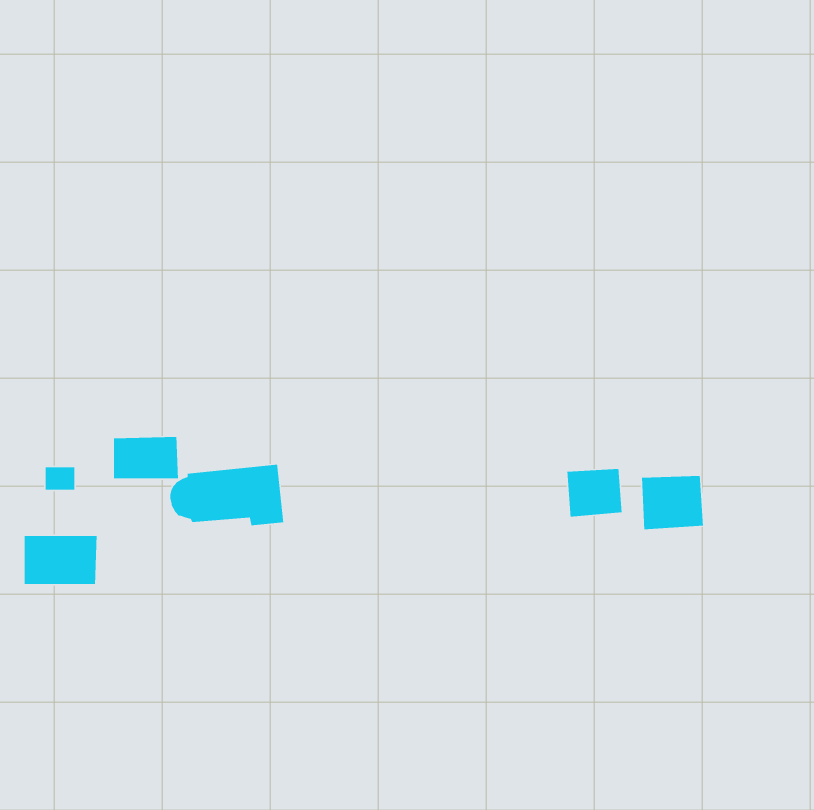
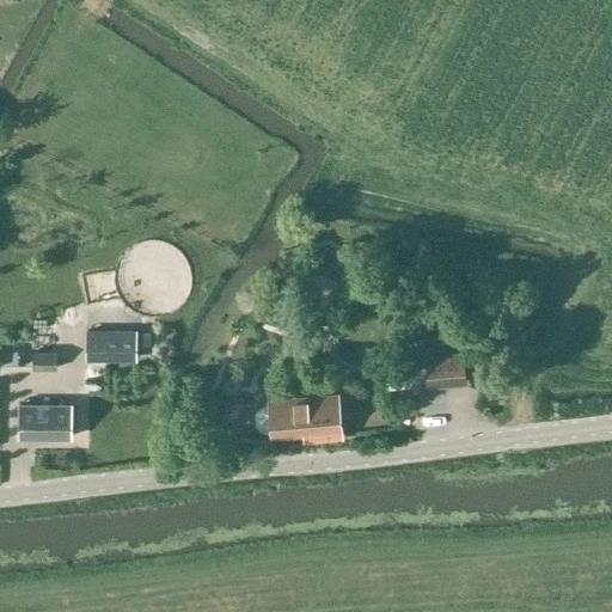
building: [169,464,284,526] -> [257,397,343,443]
building: [641,475,704,530] -> none

